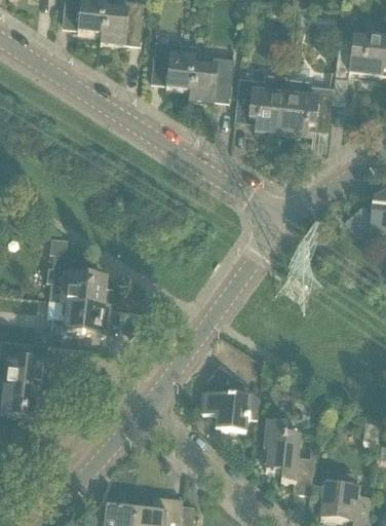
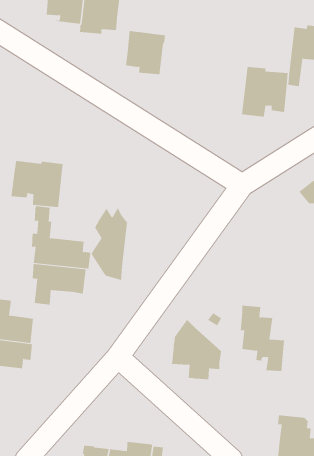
building: [189,54,234,102] -> none
building: [234,76,286,134] -> none
building: none -> [11,160,63,208]
building: none -> [91,207,127,281]
building: [263,418,313,492] -> [240,305,285,371]

